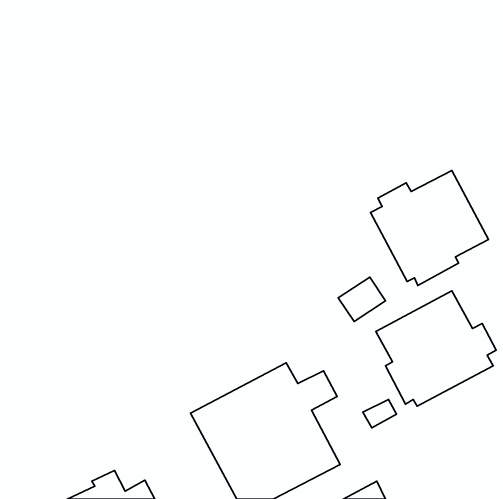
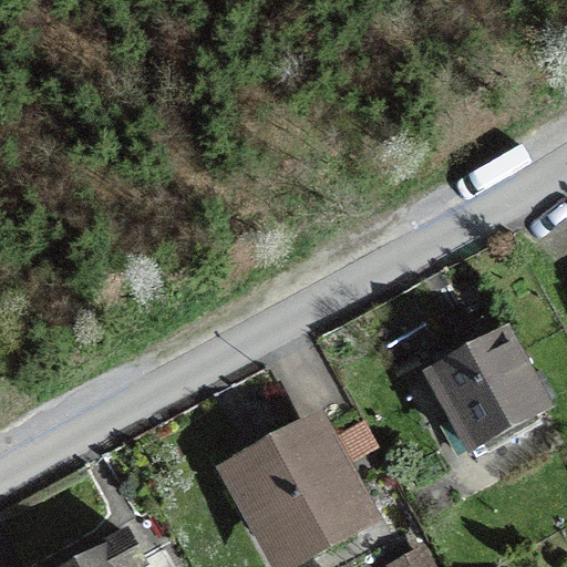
building: [370,171,488,285] -> none

